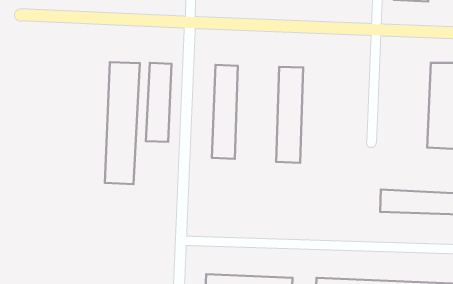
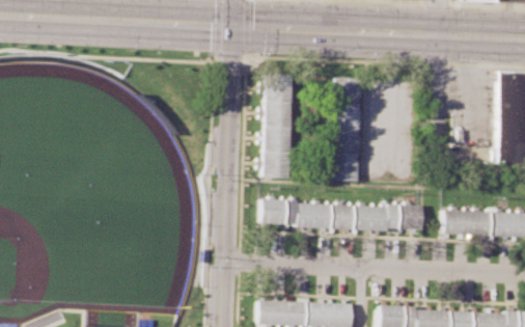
building: [105,62,140,184] -> none
building: [146,63,171,142] -> none
building: none -> [257,197,423,234]

